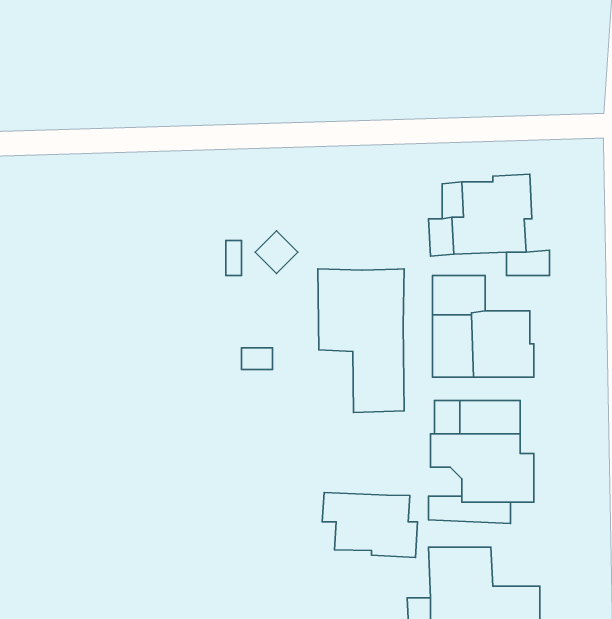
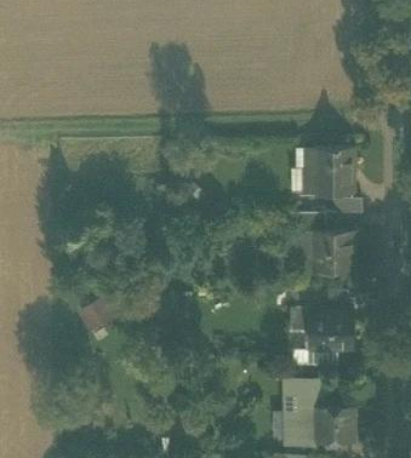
building: [318,269,404,412] -> none
building: none -> [78,296,116,333]
building: [322,492,417,557] -> none

